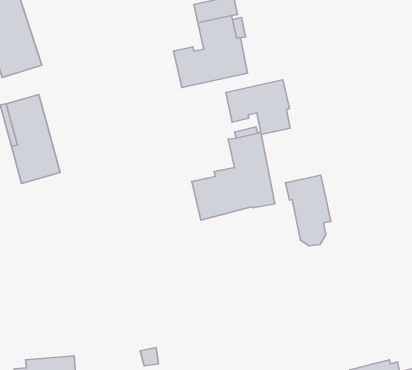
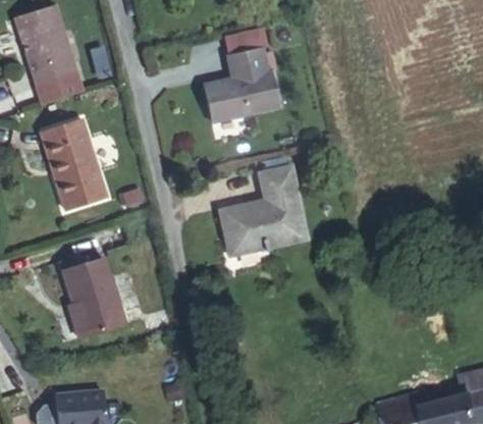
building: [226,80,290,134] -> none
building: [285,175,331,246] -> none
building: none -> [57,262,120,342]

